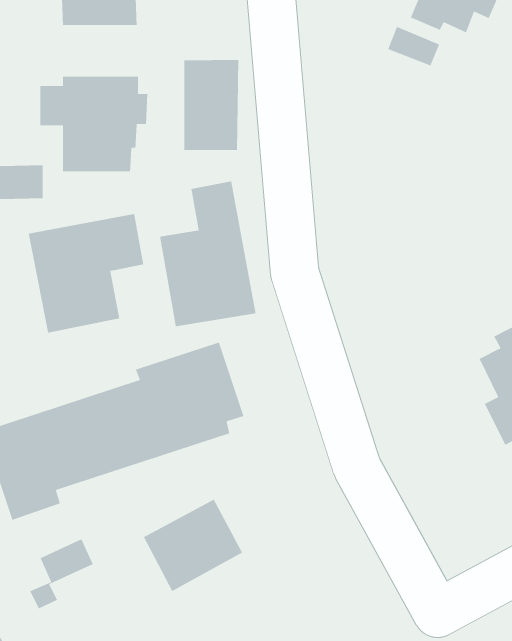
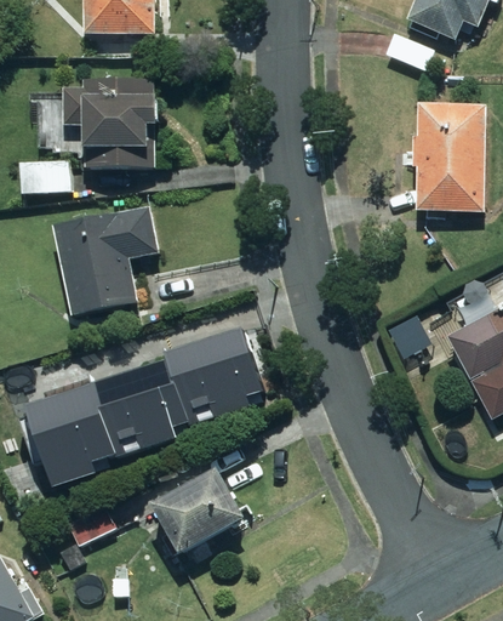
building: [184,59,239,151] -> none
building: none -> [413,103,488,213]
building: [159,180,257,327] -> none

